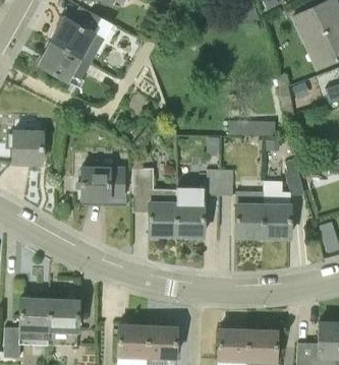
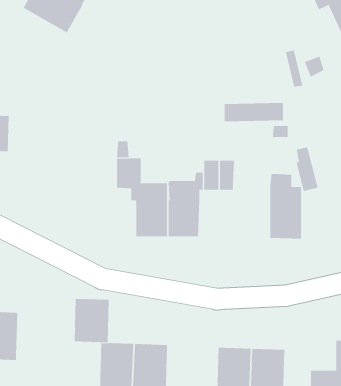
building: [39,41,91,80] -> none
building: [80,166,123,199] -> none
building: [235,191,263,236] -> none
building: [48,299,78,337] -> [74,298,110,343]

